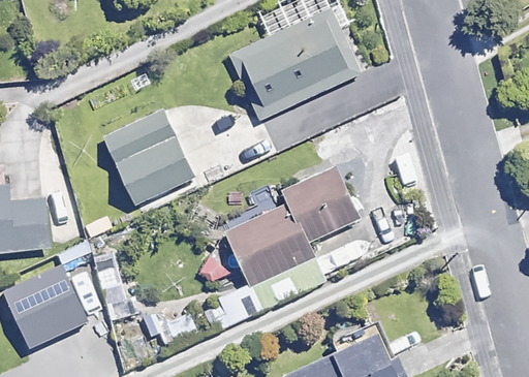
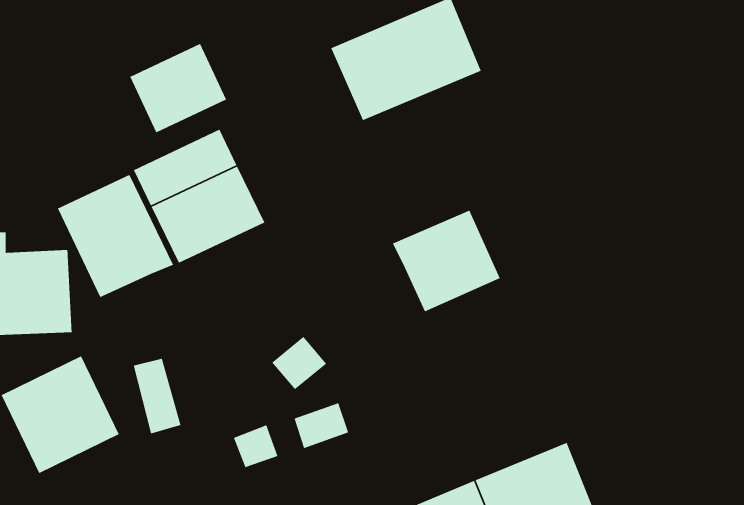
building: none -> [129,43,227,134]
building: none -> [57,174,174,298]
building: [218,202,308,280] -> none

